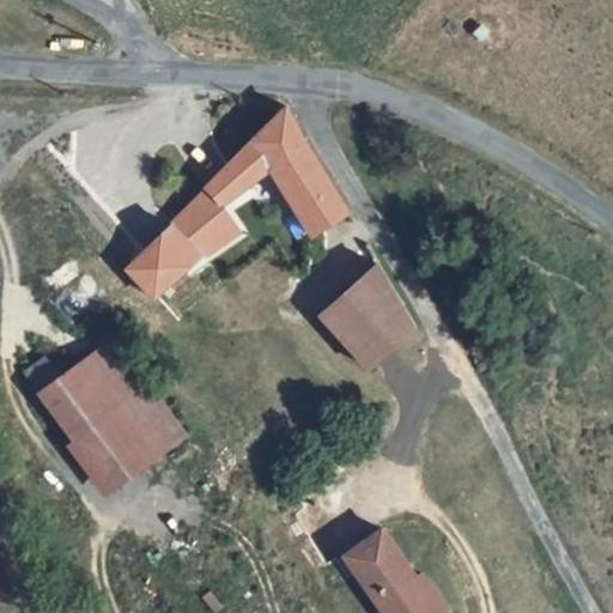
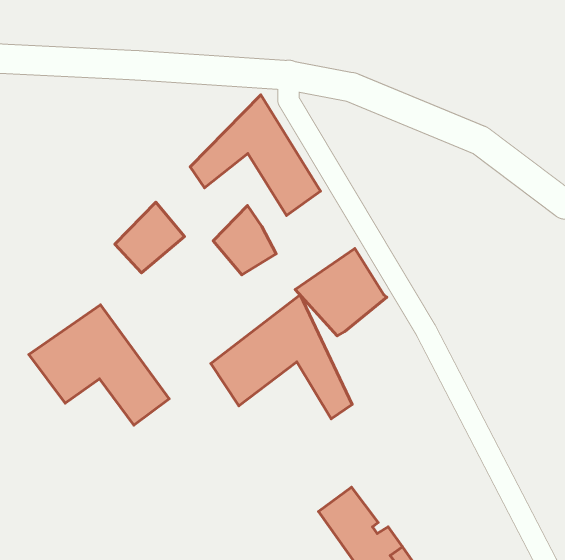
building: [169,186,237,261] -> [213,205,276,275]
building: none -> [211,295,352,419]
building: [71,415,145,492] -> none

